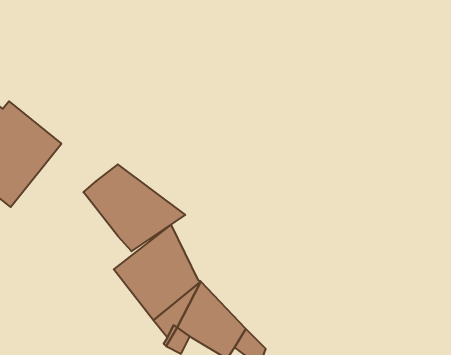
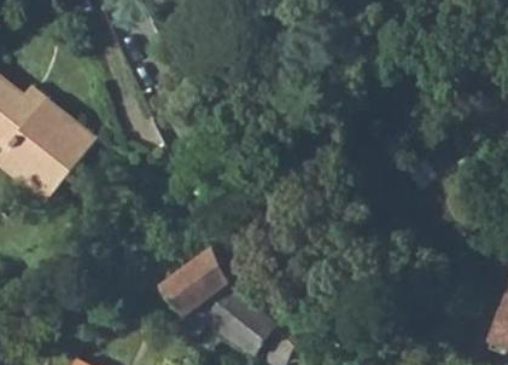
building: [83,164,185,251] -> none

